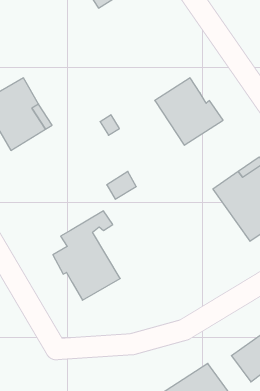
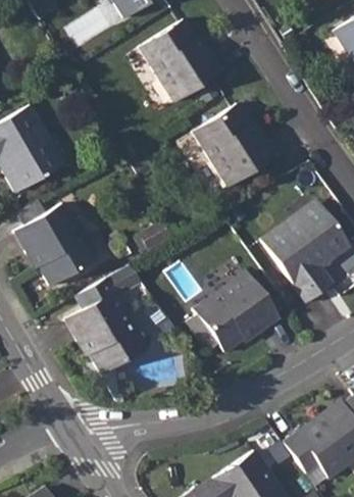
building: none -> [138,22,221,102]
building: none -> [15,204,97,287]
building: none -> [189,271,280,350]

